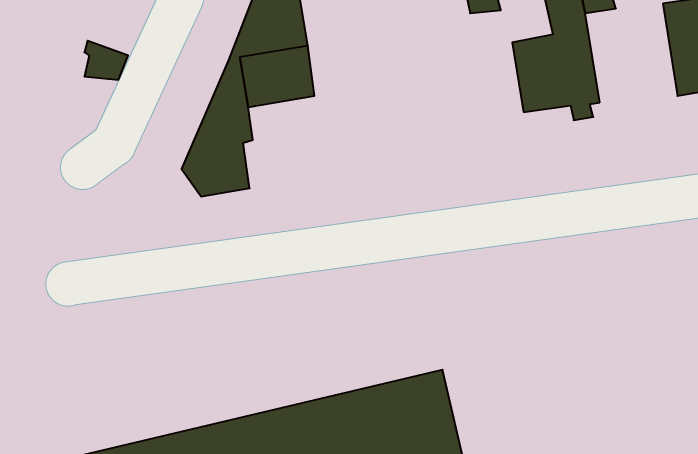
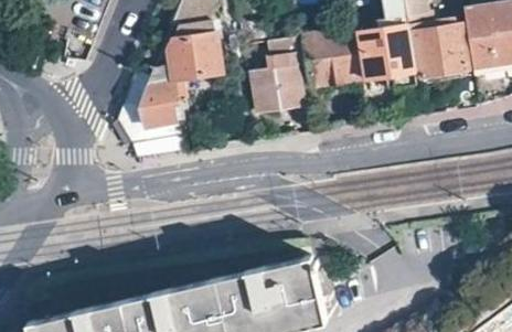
building: none -> [414,25,465,78]
building: none -> [303,30,356,85]
building: none -> [249,39,301,114]

